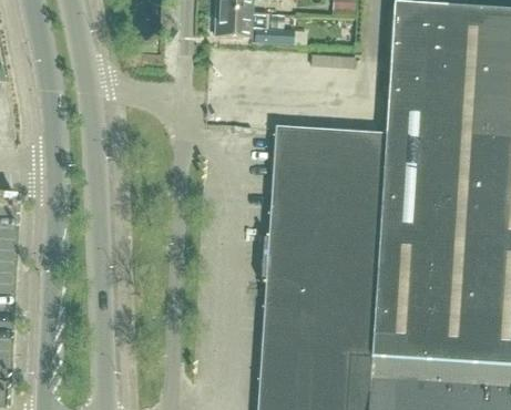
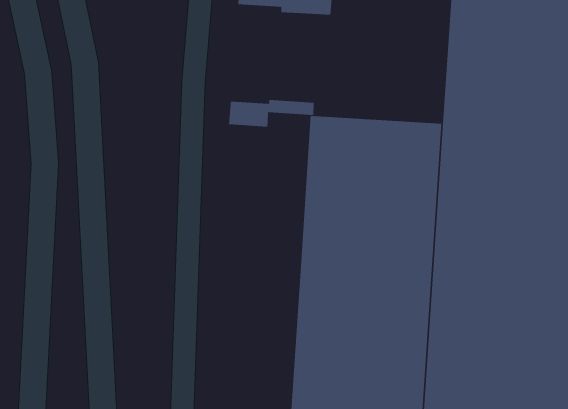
building: none -> [229,99,314,127]

